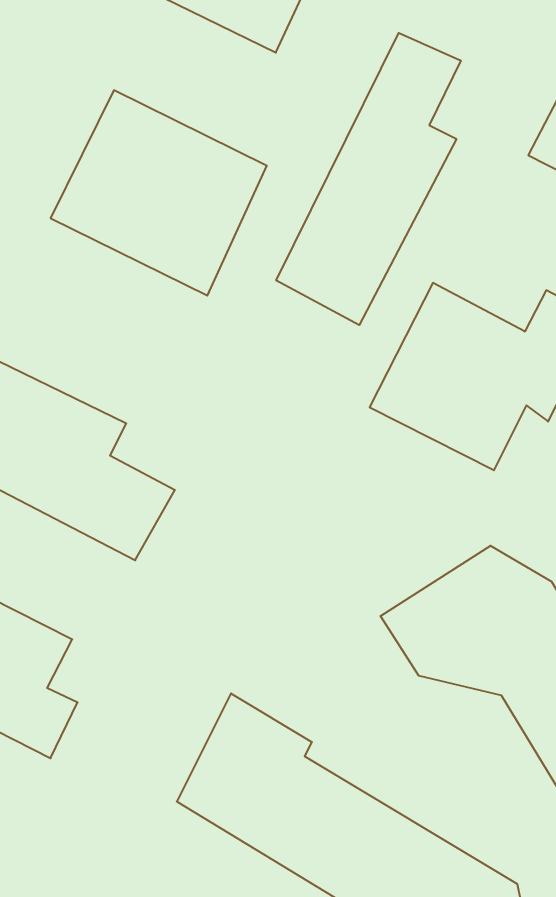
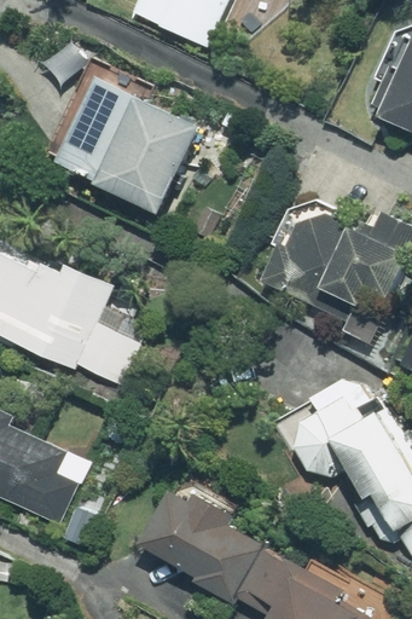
building: [276,33,461,325] -> none

